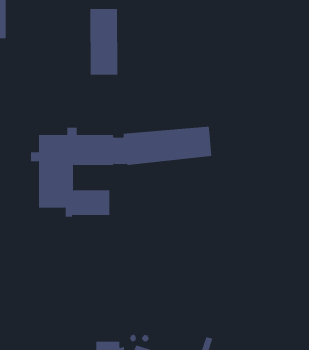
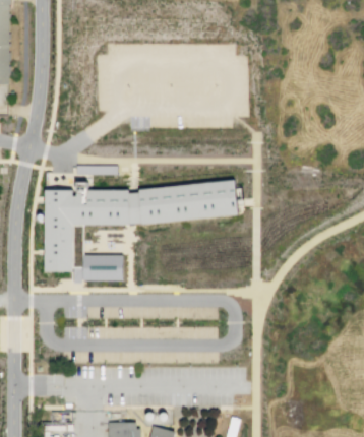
building: [90,8,118,76] -> none

